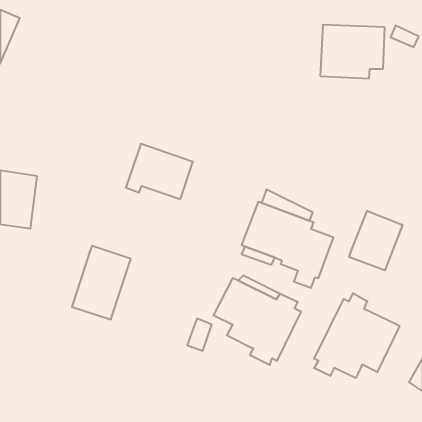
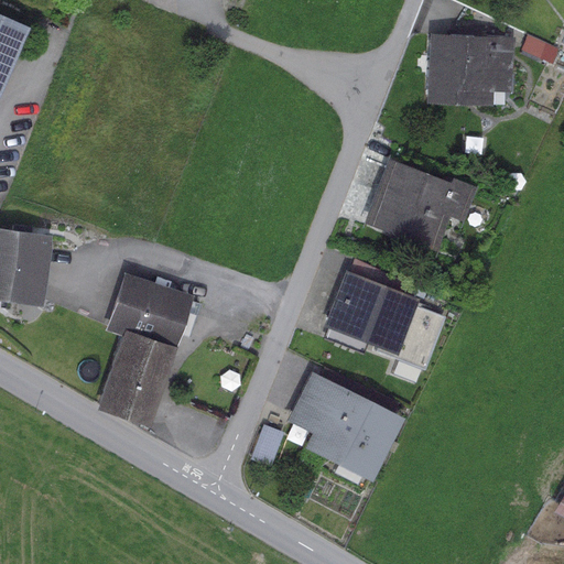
building: none -> [365,160,478,250]
building: [126,144,193,199] -> [102,272,192,346]
building: [349,211,402,270] -> none
building: [314,293,399,378] -> none

